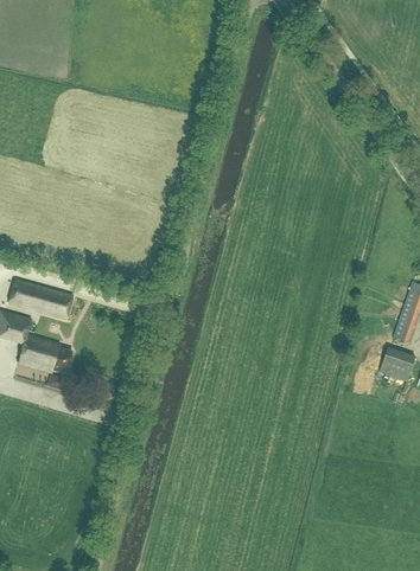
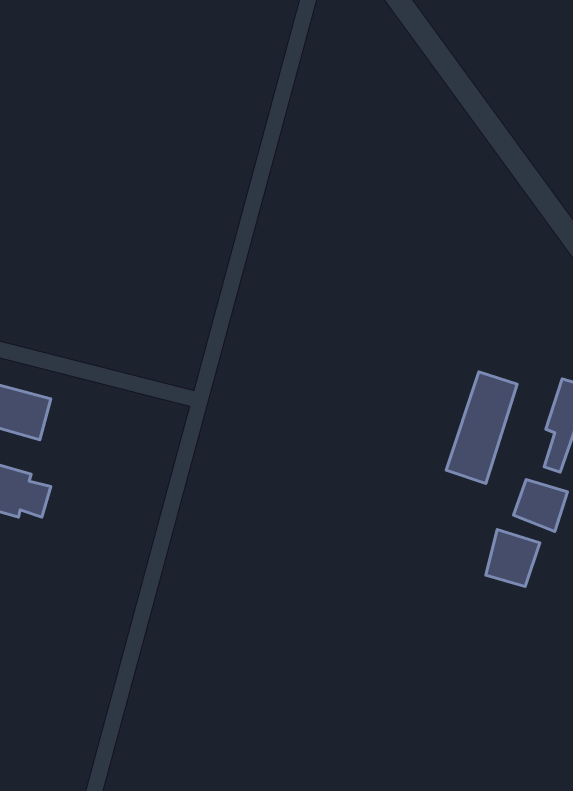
building: none -> [446,372,517,484]
building: none -> [486,529,540,586]

